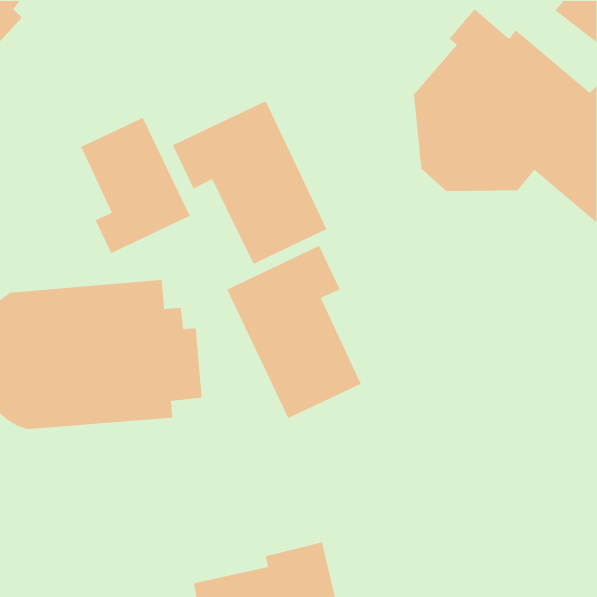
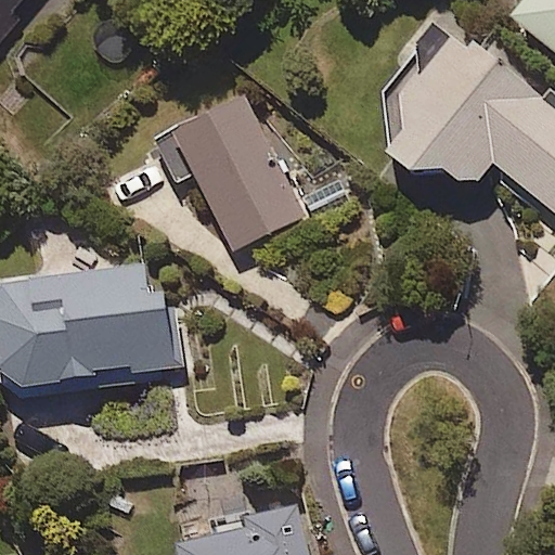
building: [80,117,191,254] -> none
building: [226,245,362,419] -> none

